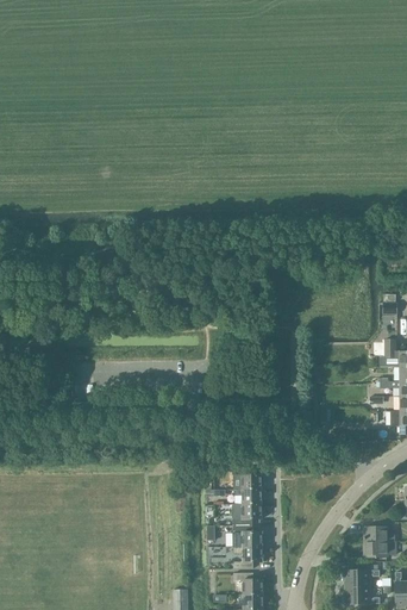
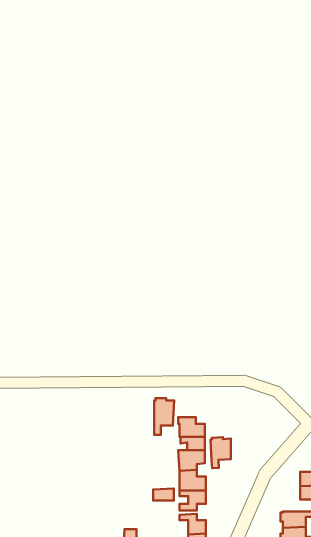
building: none -> [154,398,174,435]
building: none -> [211,437,231,468]

